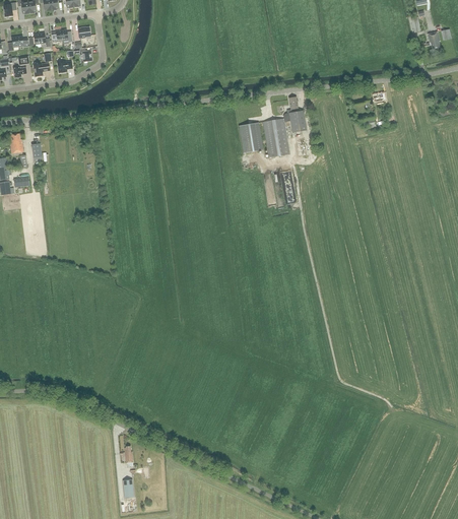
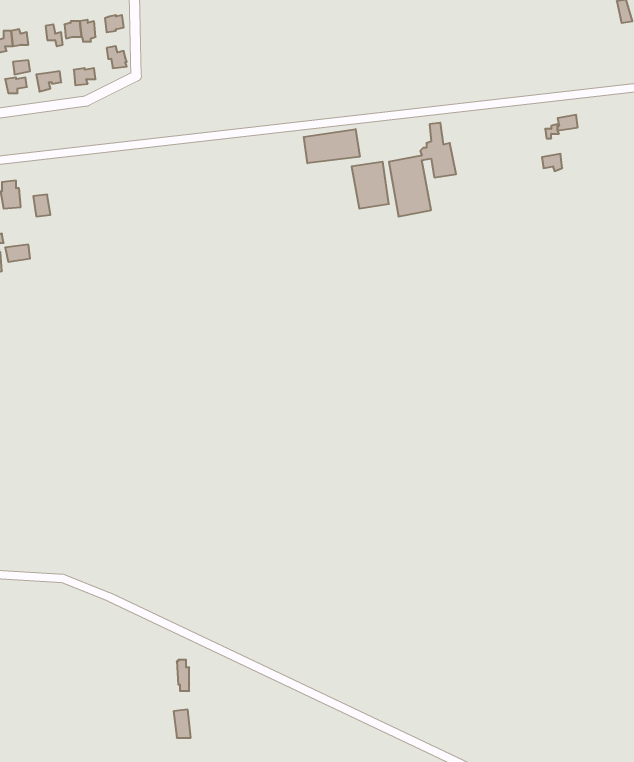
building: none -> [304,129,360,163]

